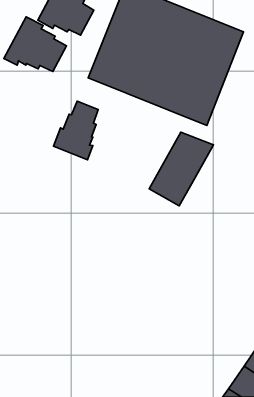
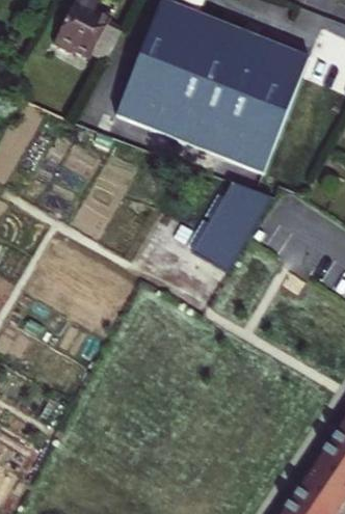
building: [4,17,66,72] -> none
building: [53,101,98,160] -> none

